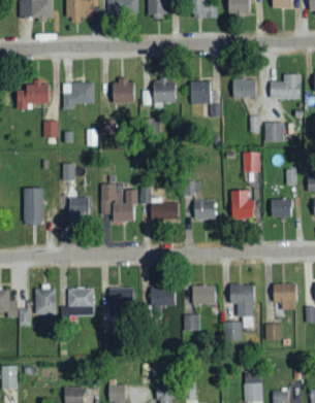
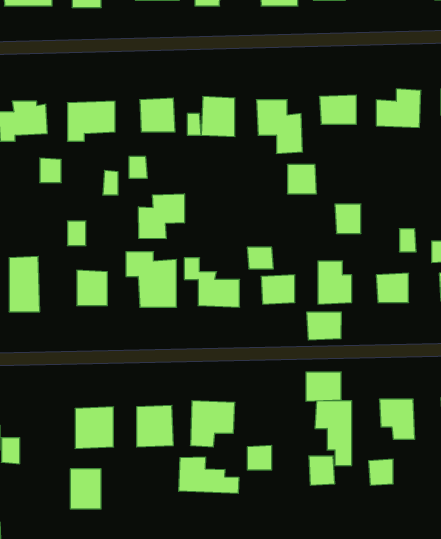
building: [265,123,285,142] -> [287,165,317,194]
building: none -> [139,194,184,239]
building: none -> [307,312,341,340]
building: [192,284,216,304] -> [306,372,341,401]
building: [35,287,56,313] -> [70,469,101,509]
building: none -> [179,457,239,493]

